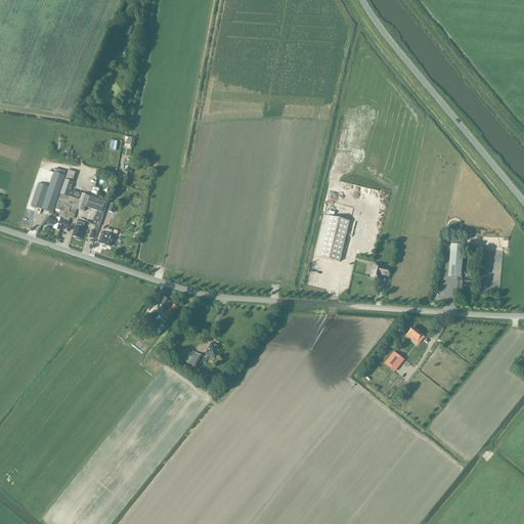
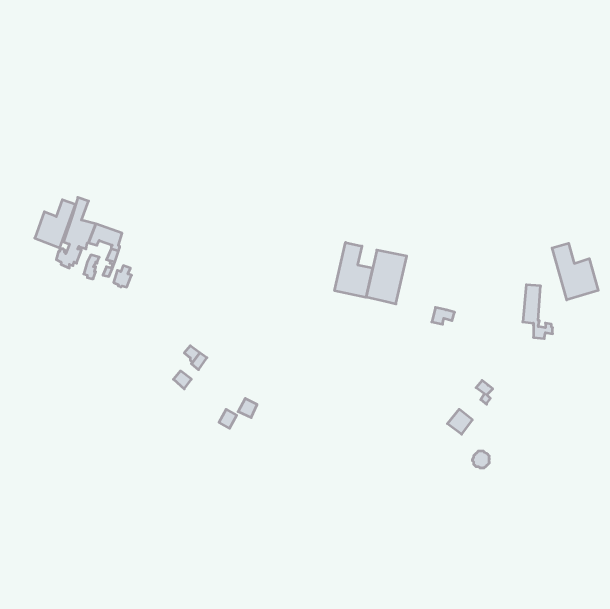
building: none -> [335,242,373,297]
building: none -> [552,243,598,300]

